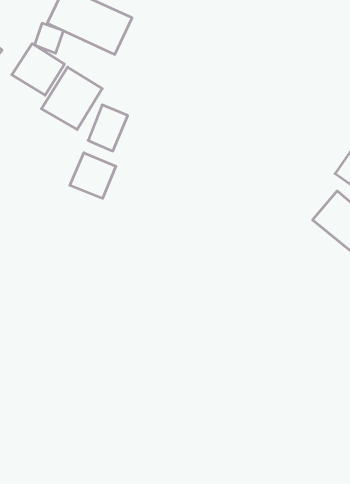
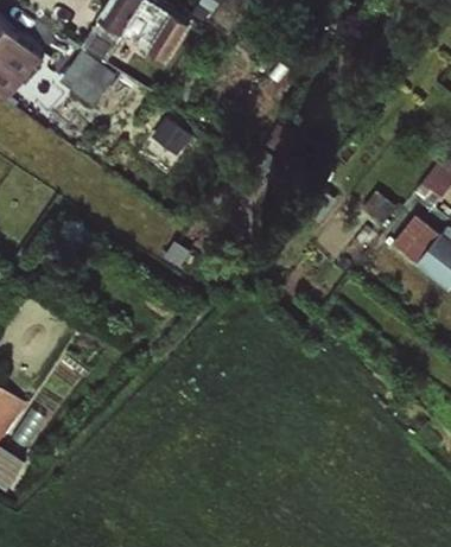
building: [41,67,102,130] -> none
building: [70,153,116,198] -> none

